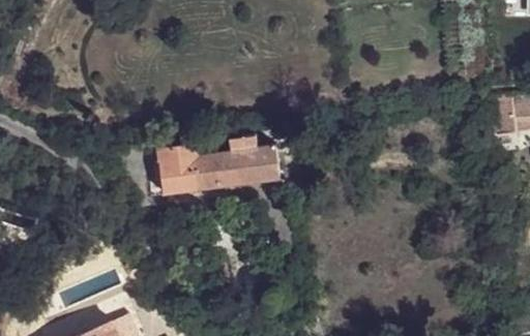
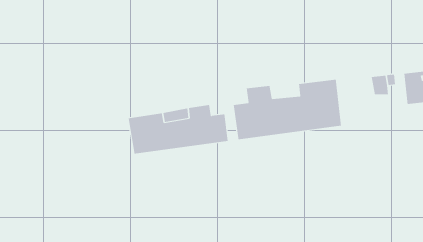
building: none -> [233,79,341,140]

